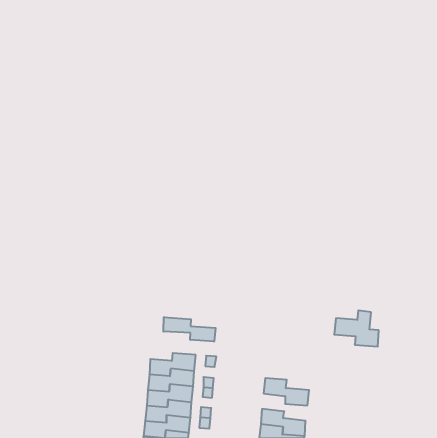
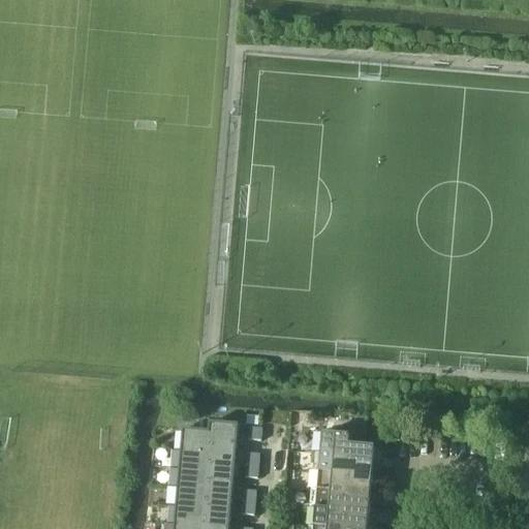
building: [334,310,379,346] -> [319,427,373,470]
building: [163,317,216,342] -> none
building: none -> [315,474,370,507]

